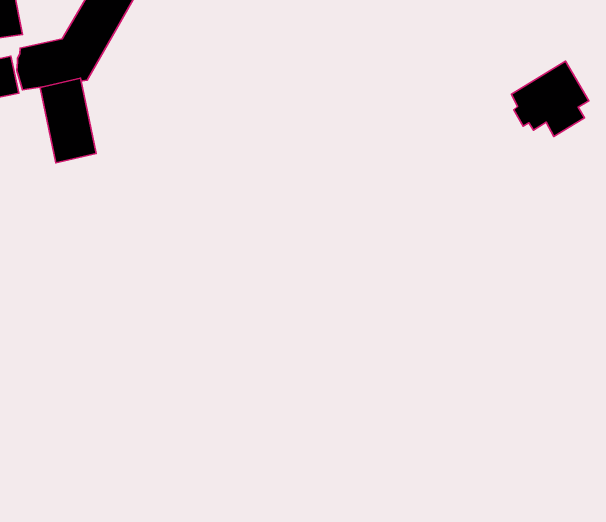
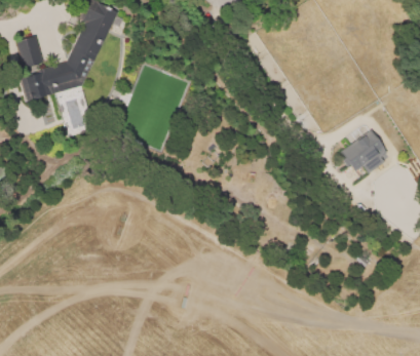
building: [512,61,589,137] -> [341,128,387,173]

